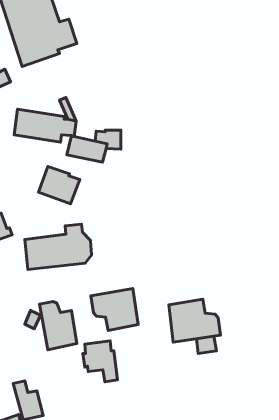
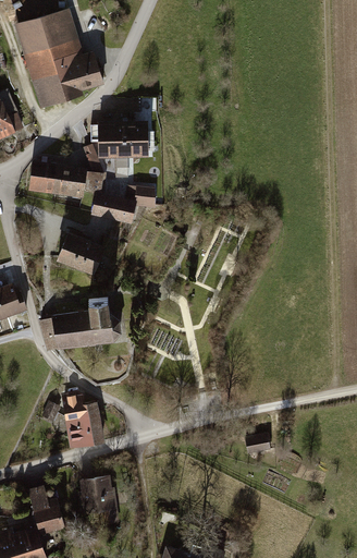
building: none -> [93,120,150,166]
building: [91,288,138,331] -> none
building: [169,299,221,342] -> none
building: [83,341,118,382] -> [77,476,119,525]

